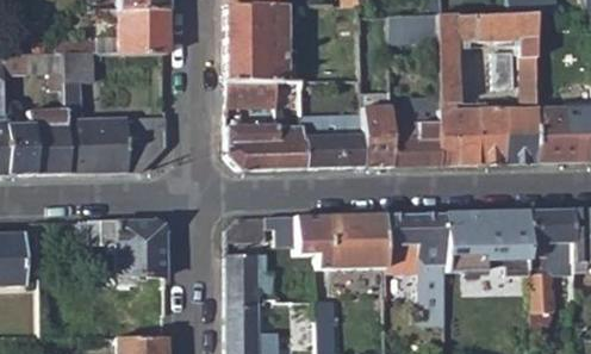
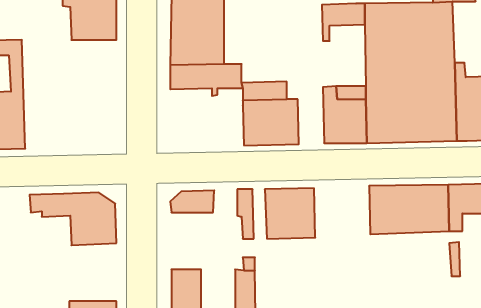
building: [66,54,168,172] -> none
building: [365,85,393,167] -> none
building: [226,125,306,169] -> none
building: [382,212,444,323] -> none
building: [228,253,260,303] -> none

